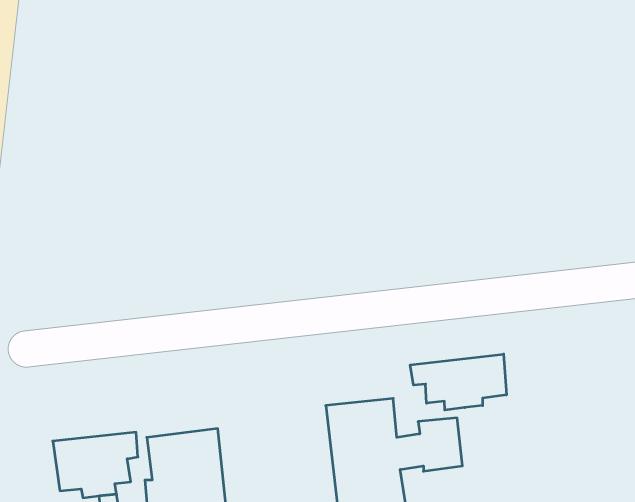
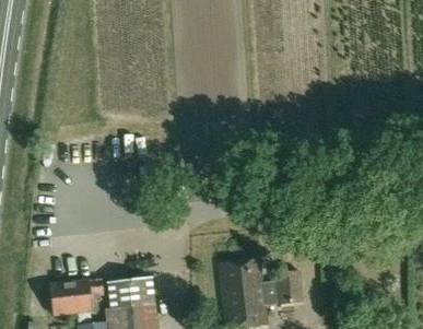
building: [410,354,506,410] -> none

